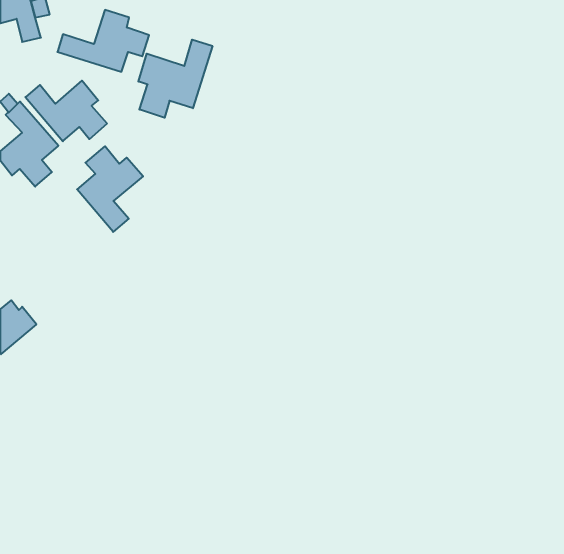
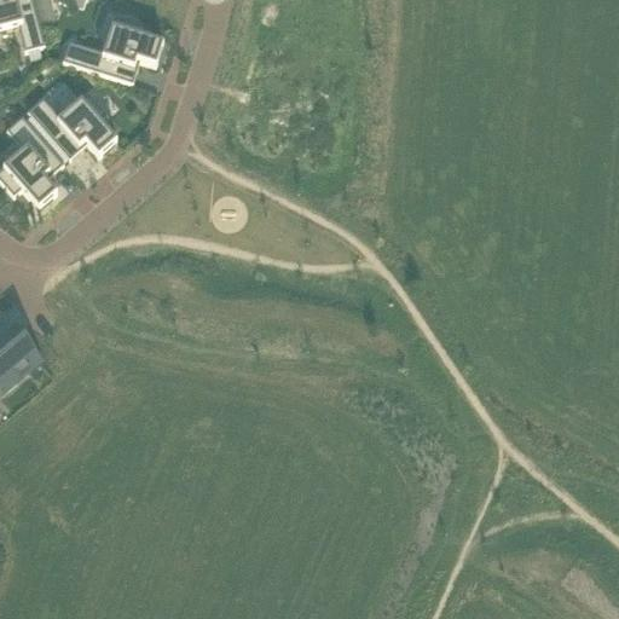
building: [138,40,212,118] -> none
building: [77,146,143,232] -> none

